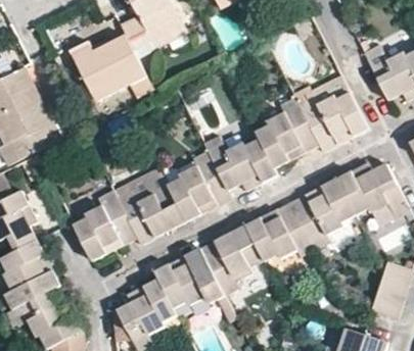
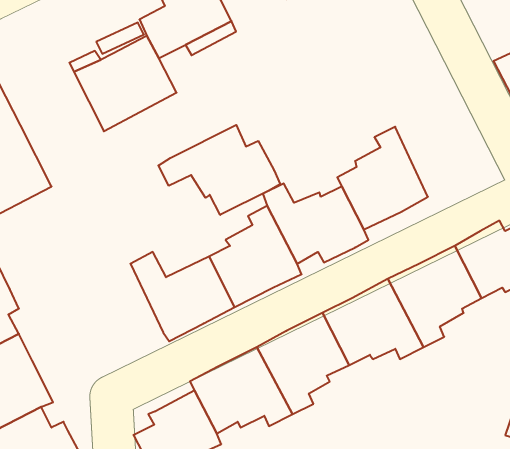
building: [292,85,368,151] -> none
building: none -> [158,125,280,215]
building: [73,191,136,260] -> none

